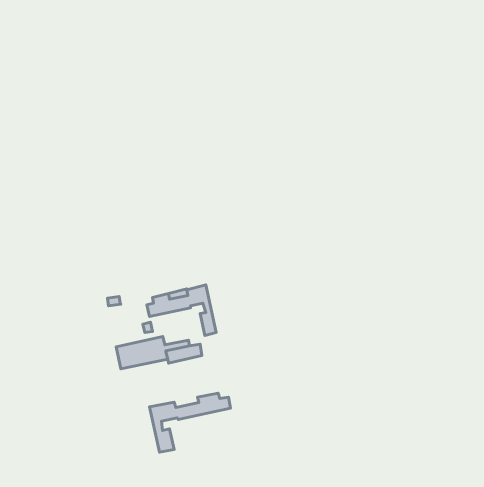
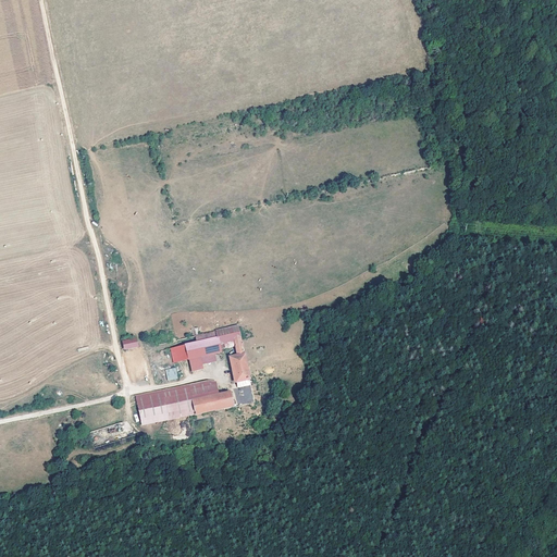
building: [150,393,230,452] -> none

